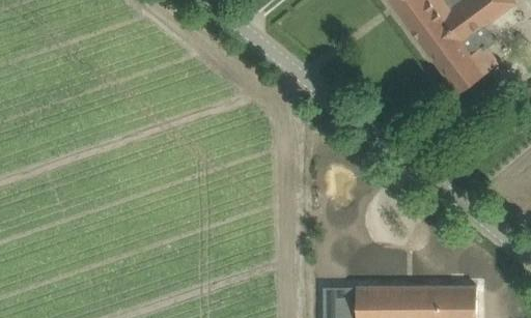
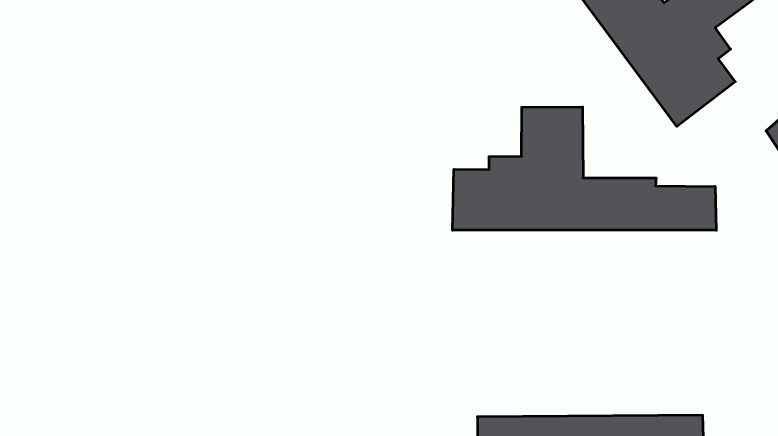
building: none -> [453,107,716,230]

